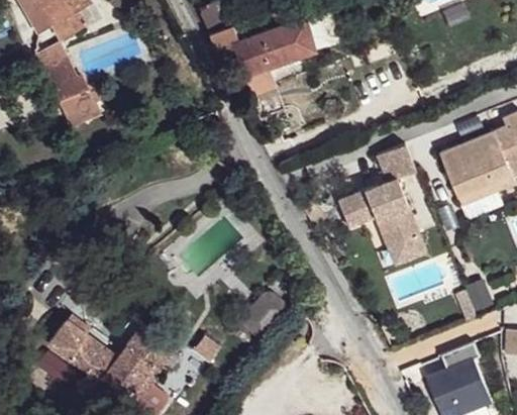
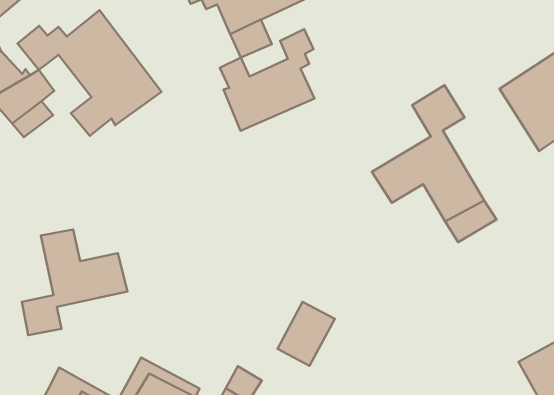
building: none -> [17,10,161,136]
building: none -> [220,29,314,131]
building: none -> [22,230,127,335]

